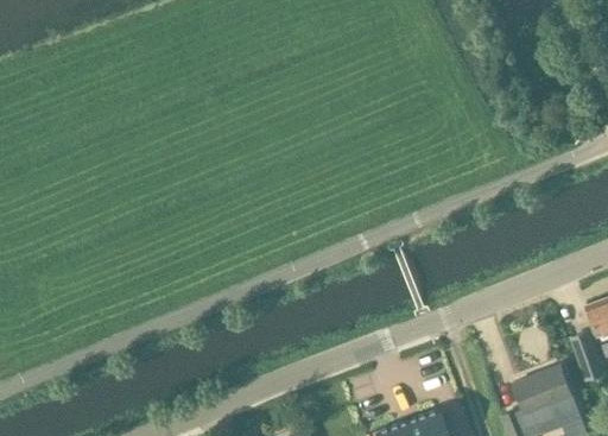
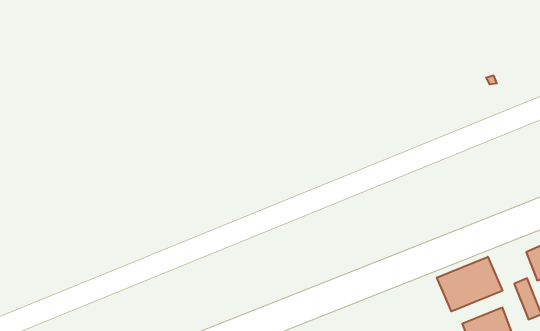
building: none -> [437,257,502,311]

